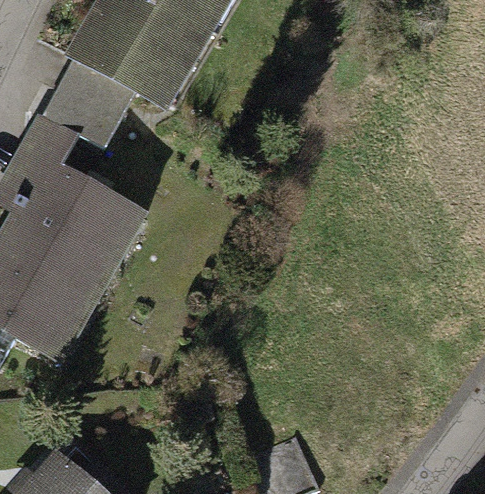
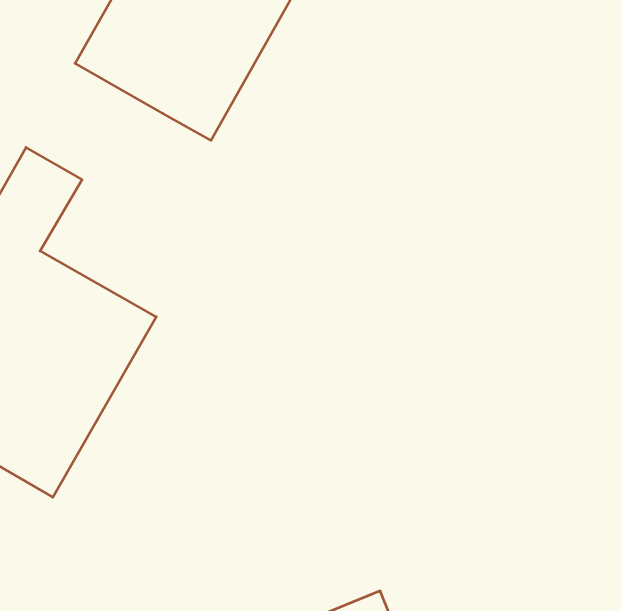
building: [41,52,139,148] -> none

